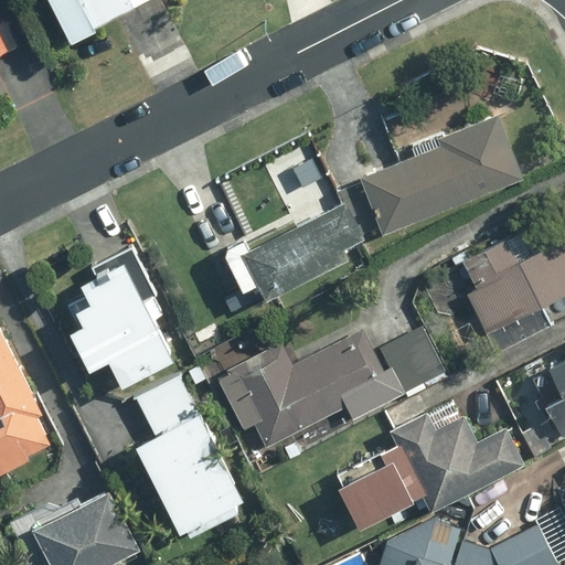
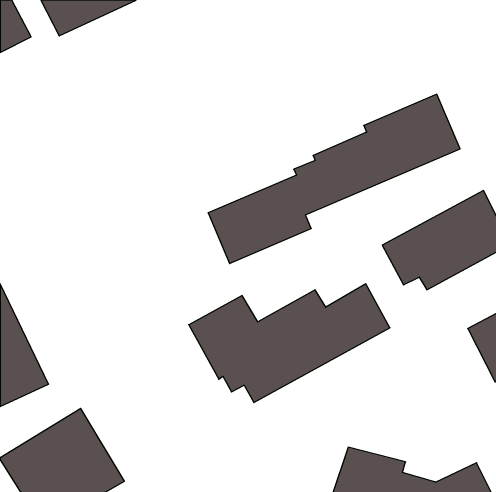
building: [63,248,170,387] -> none
building: [131,376,243,540] -> none
building: [333,412,523,532] -> none

